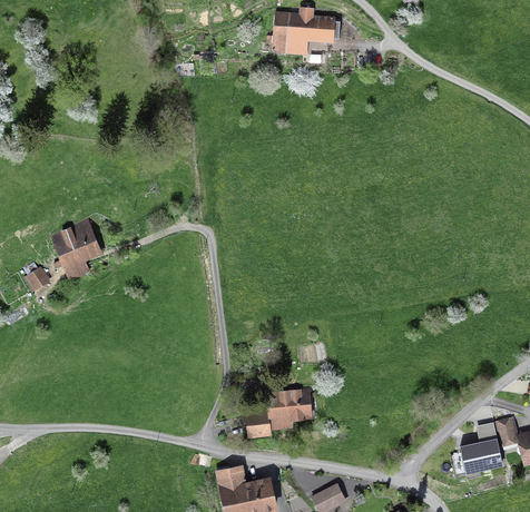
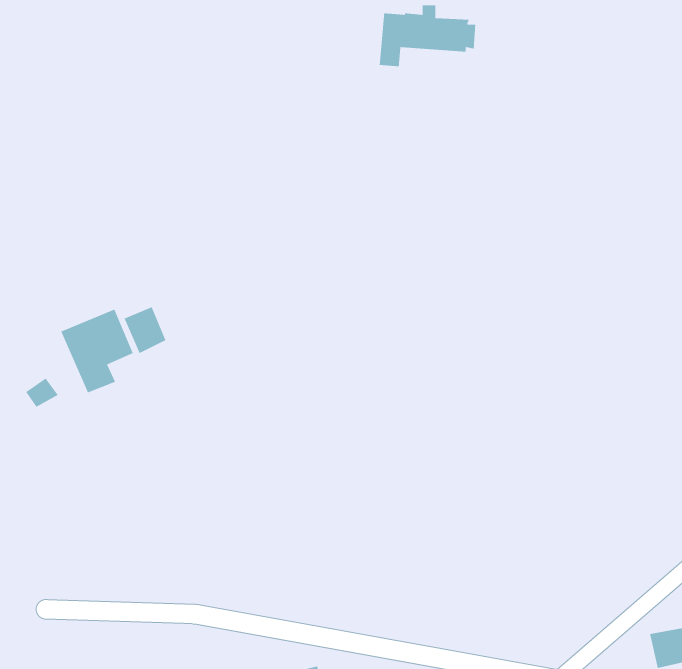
building: none -> [124,306,167,354]
building: [246,393,312,436] -> none

